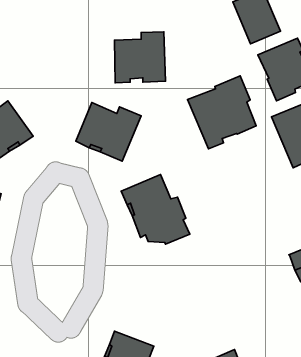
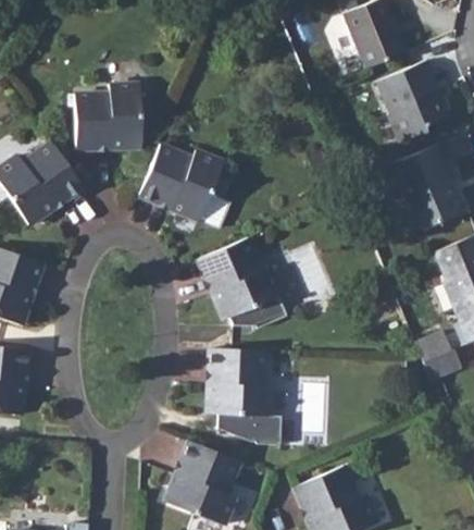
building: [114,32,166,83] -> [75,83,141,149]
building: [188,76,256,149] -> none
building: none -> [208,347,283,444]

